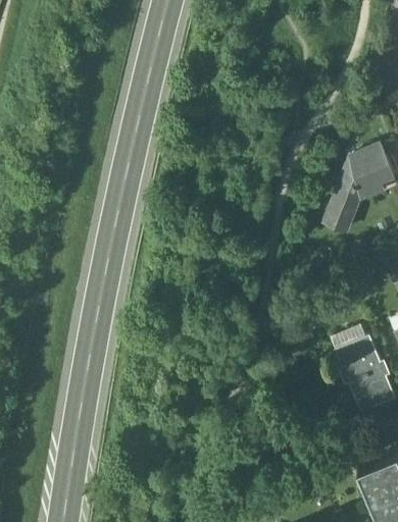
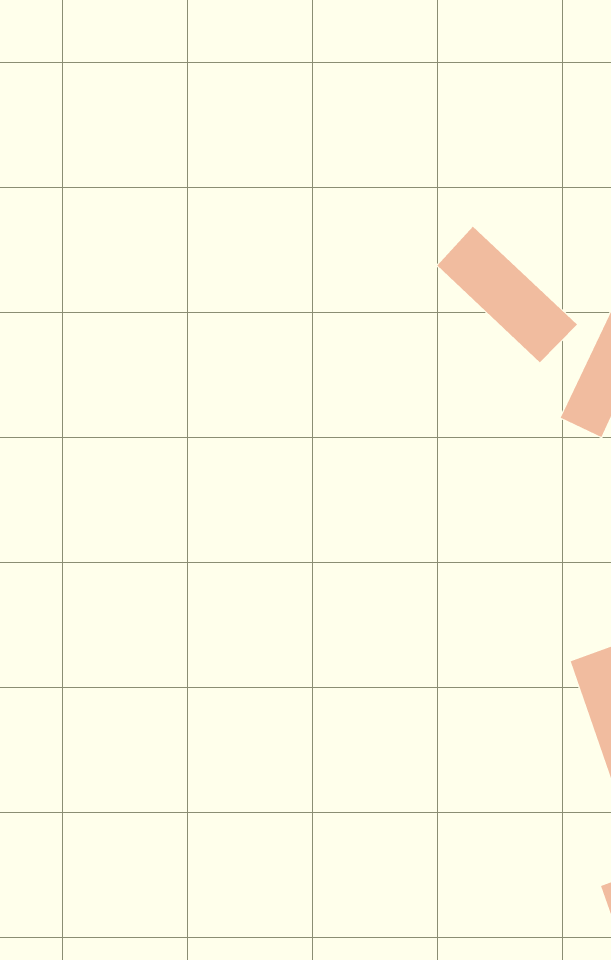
building: none -> [436,226,578,363]

